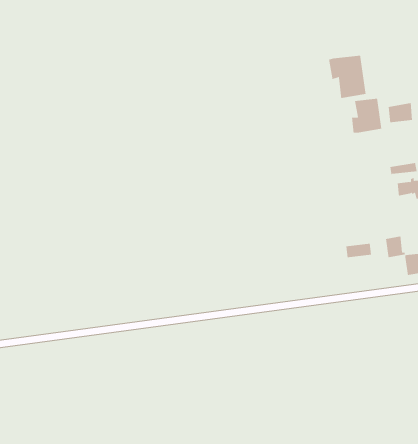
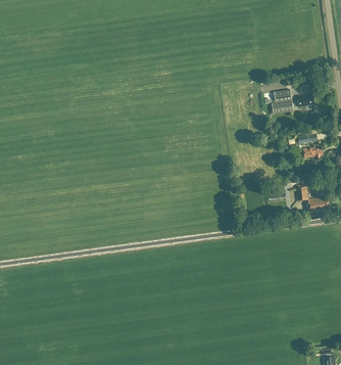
building: [328,55,366,99] -> none

